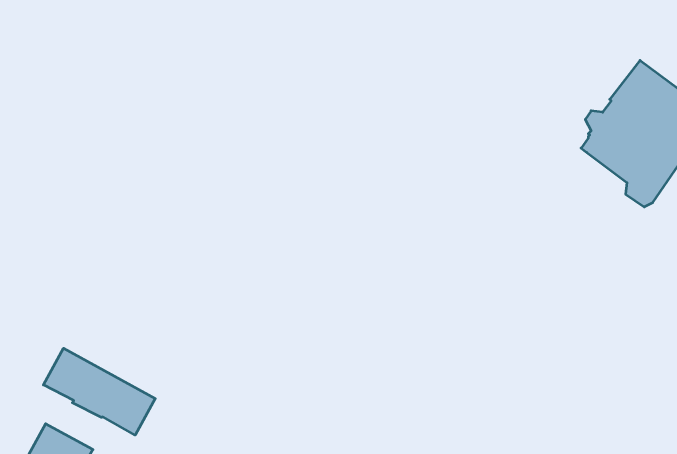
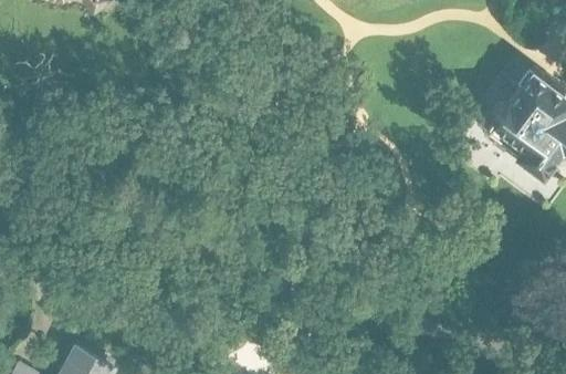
building: [43,348,155,435] -> none

